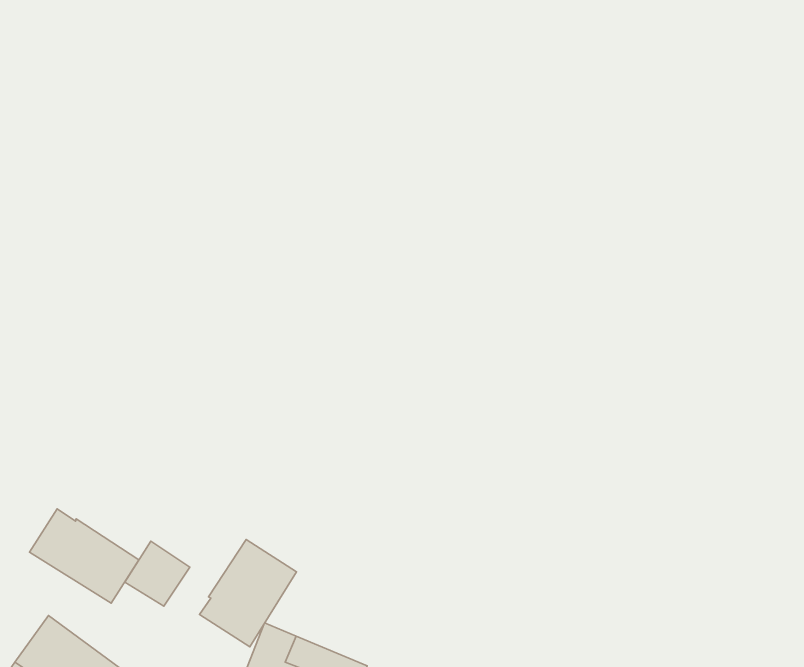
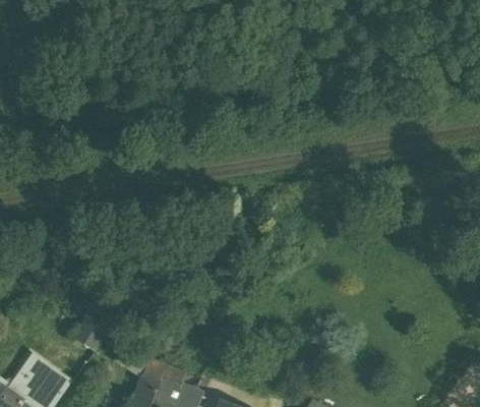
building: [29,509,139,603] -> none
building: [199,540,296,647] -> none

